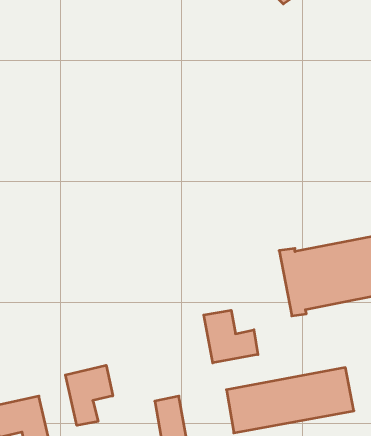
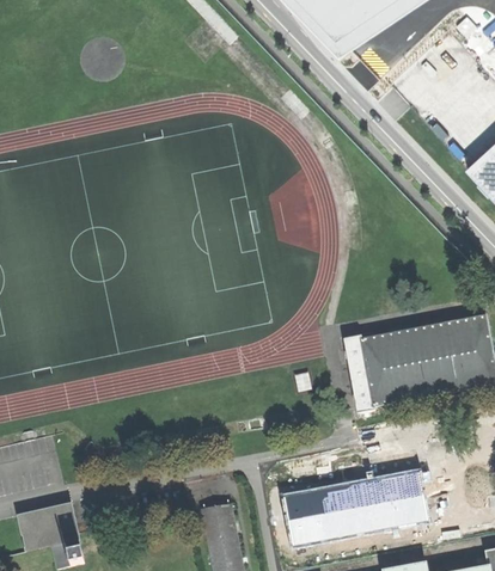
building: [204,310,258,363] -> none
building: [65,365,113,425] -> none

